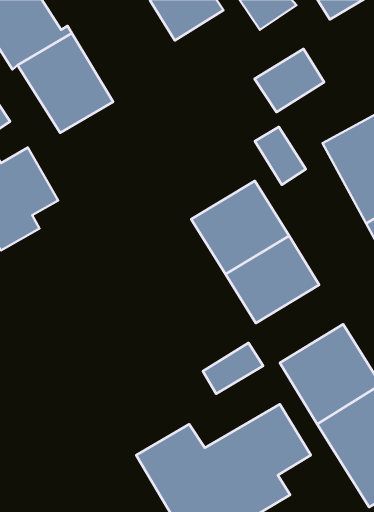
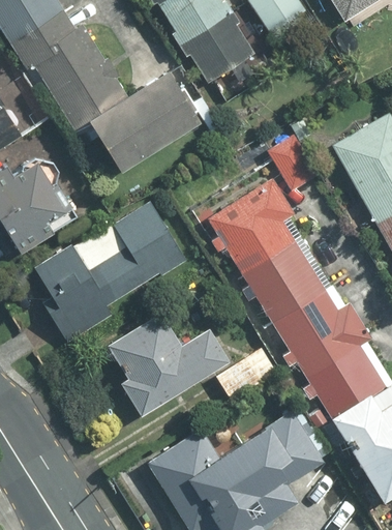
building: [255,49,324,112] -> [189,16,259,79]
building: none -> [93,77,203,171]
building: none -> [37,198,187,341]
building: none -> [270,289,357,366]
building: none -> [105,311,233,412]

